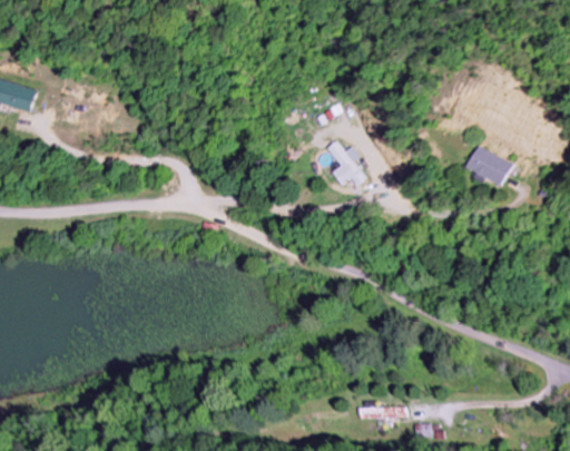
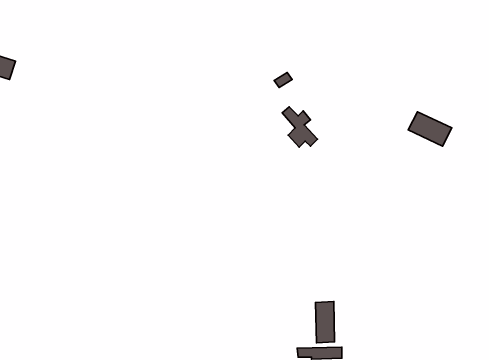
building: none -> [316,302,335,343]

